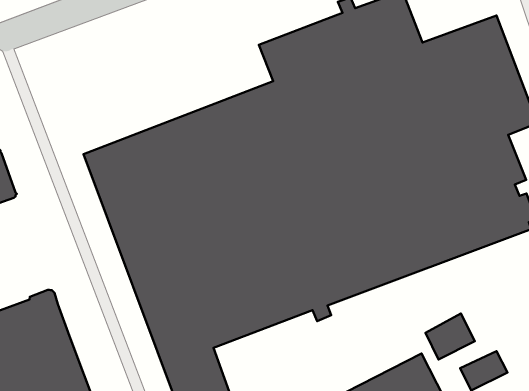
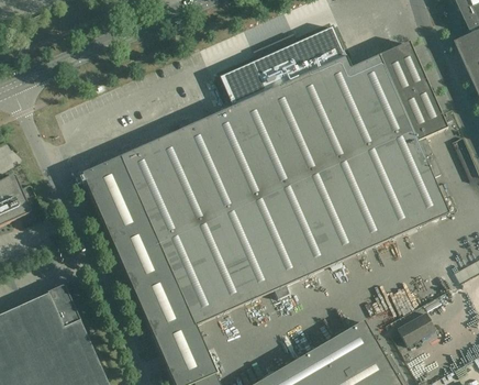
building: [426,313,475,359] -> none

